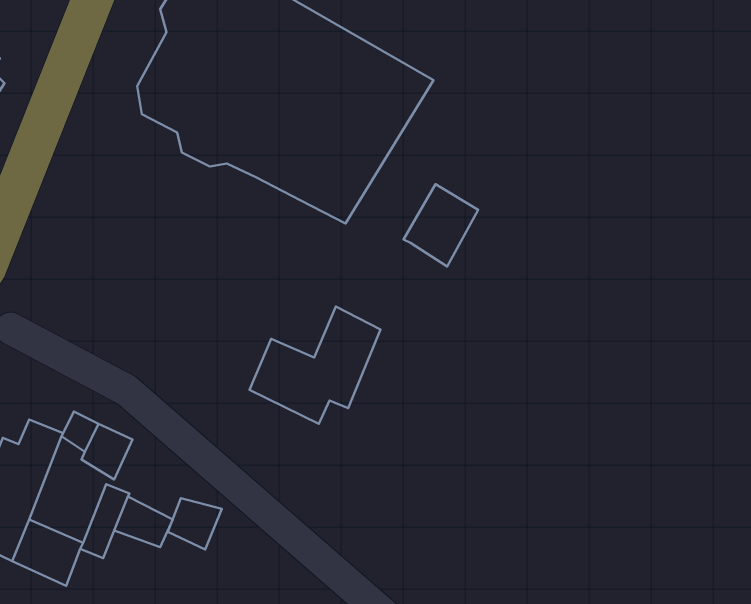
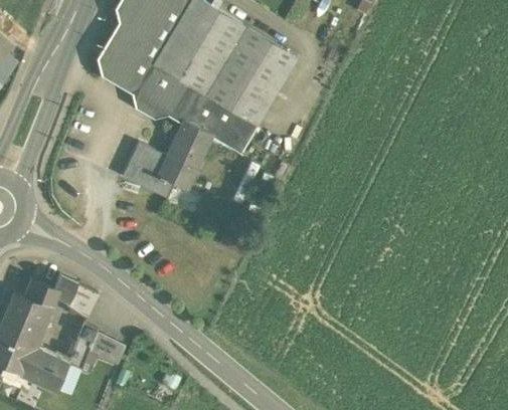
building: [404,184,478,267] -> none
building: [249,306,381,424] -> [124,122,209,198]
building: [168,498,222,550] -> none

